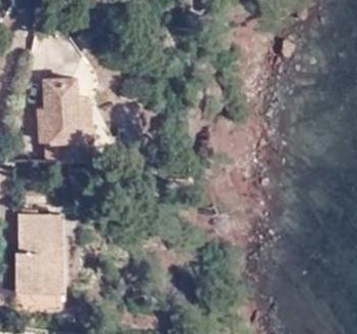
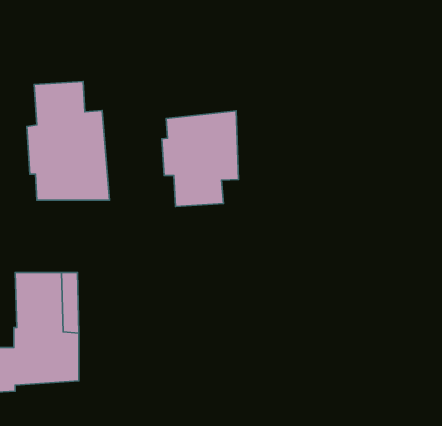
building: none -> [162,111,239,206]

